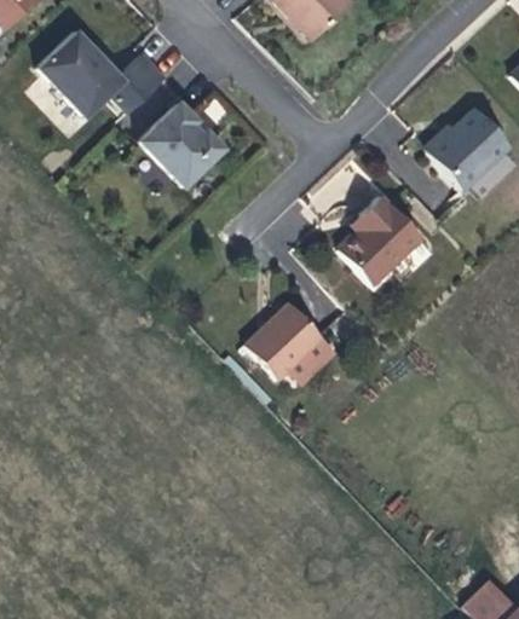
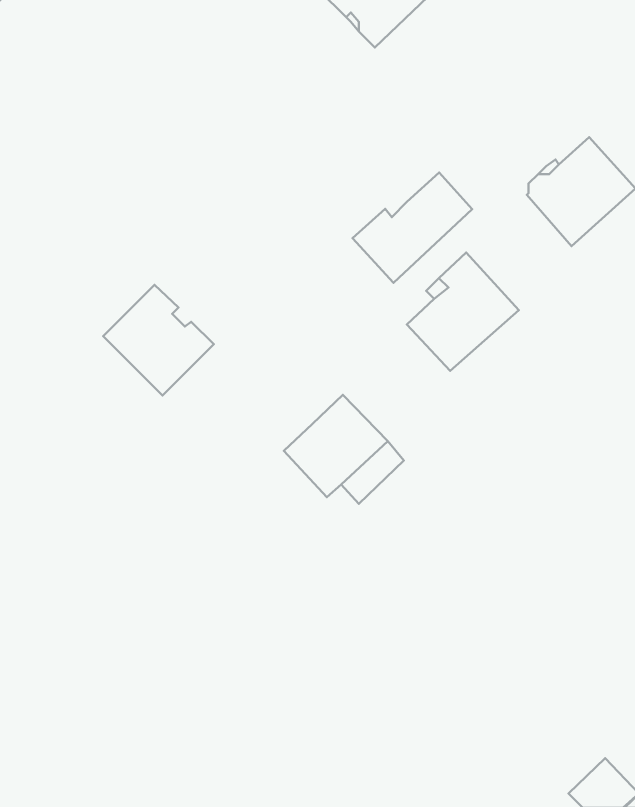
building: [48,30,166,112] -> none
building: [140,103,224,186] -> [103,285,214,395]
building: none -> [353,172,472,283]

